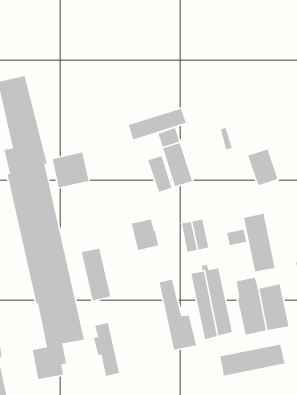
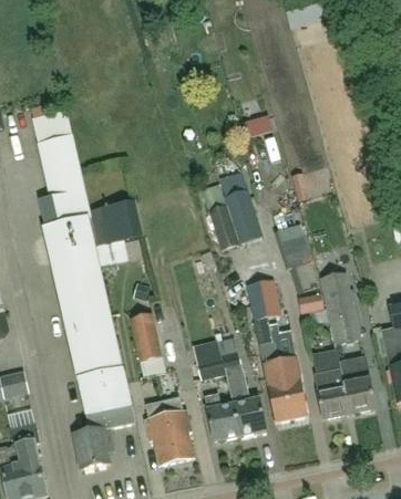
building: [128,108,187,140] -> none
building: [247,148,278,186] -> [276,222,312,267]
building: [131,219,159,251] -> [192,340,225,377]
building: none -> [204,392,238,439]
building: none -> [162,396,193,460]
building: [219,344,285,376] -> none

